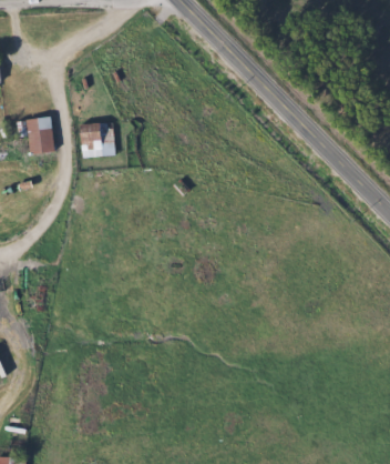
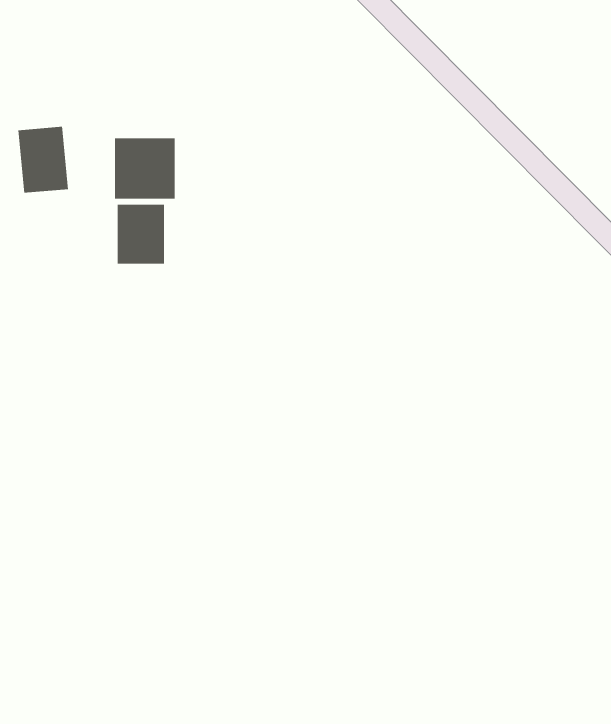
building: none -> [117,204,165,265]

